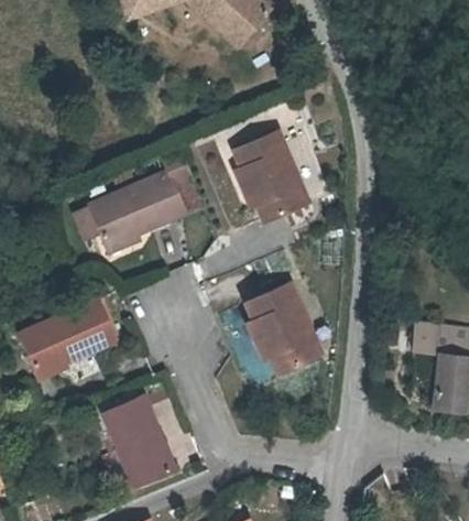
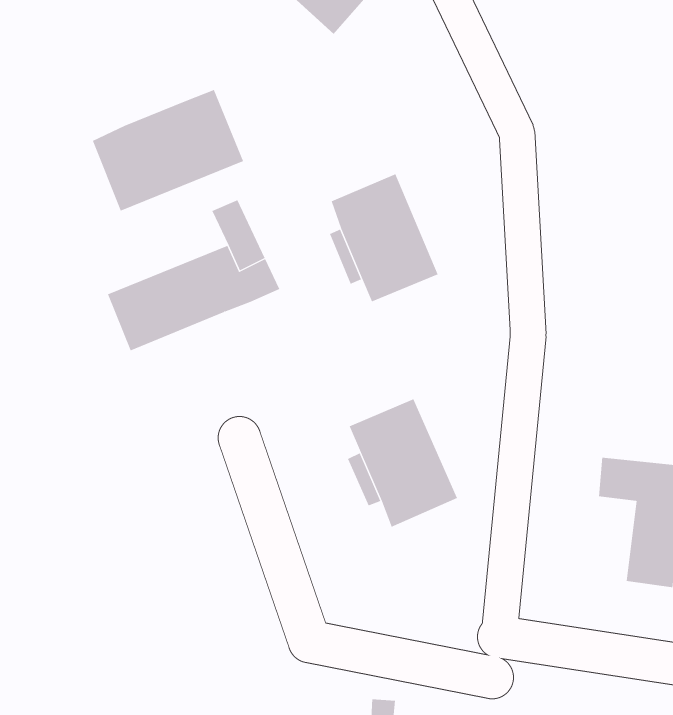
building: none -> [92,89,244,212]
building: [17,300,117,377] -> none
building: [101,399,168,490] -> none

